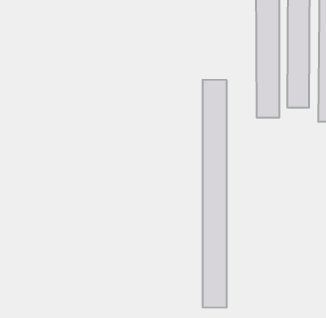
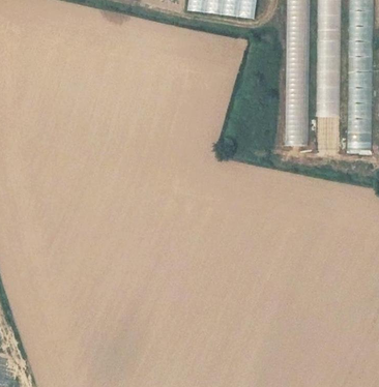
building: [203,80,226,308] -> none

